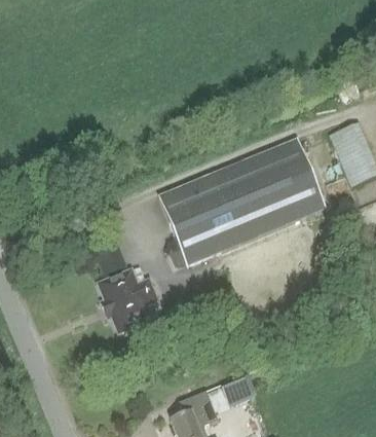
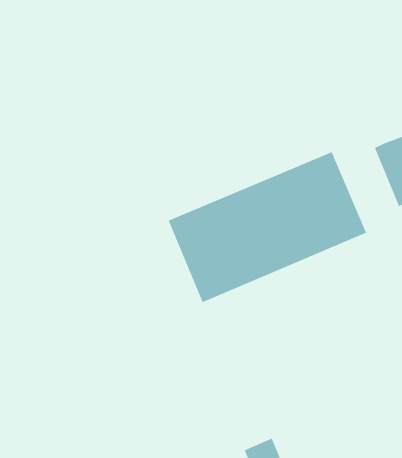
building: [100,270,155,332] -> none

